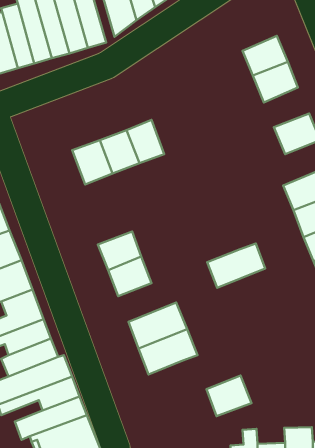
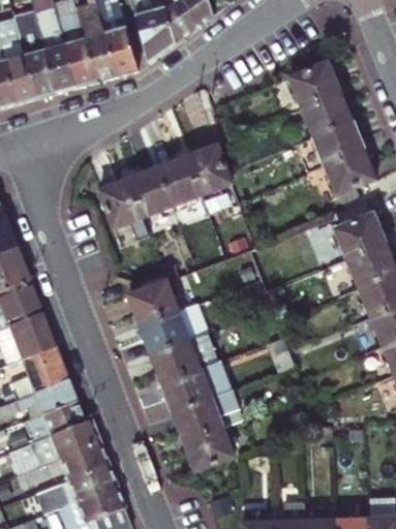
building: none -> [313,120,364,164]
building: none -> [187,144,233,194]
building: [207,244,265,288] -> [150,333,215,382]
building: [206,375,252,416] -> [184,426,235,471]

